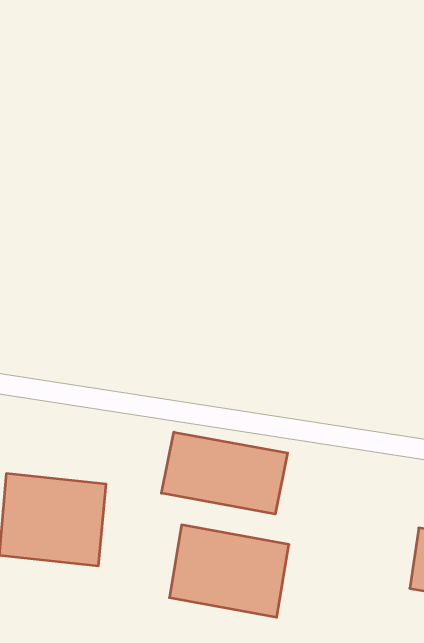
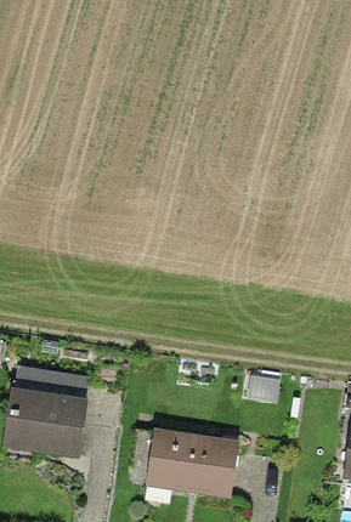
building: [161,432,288,514] -> none

